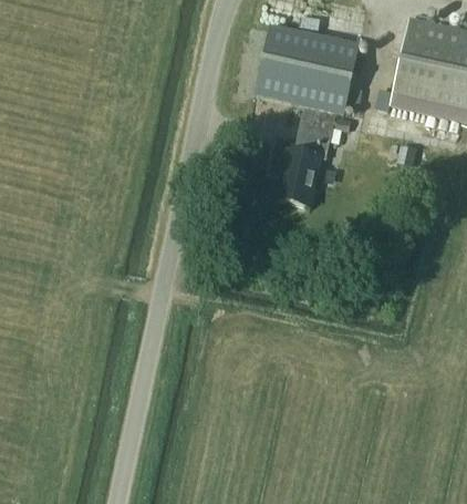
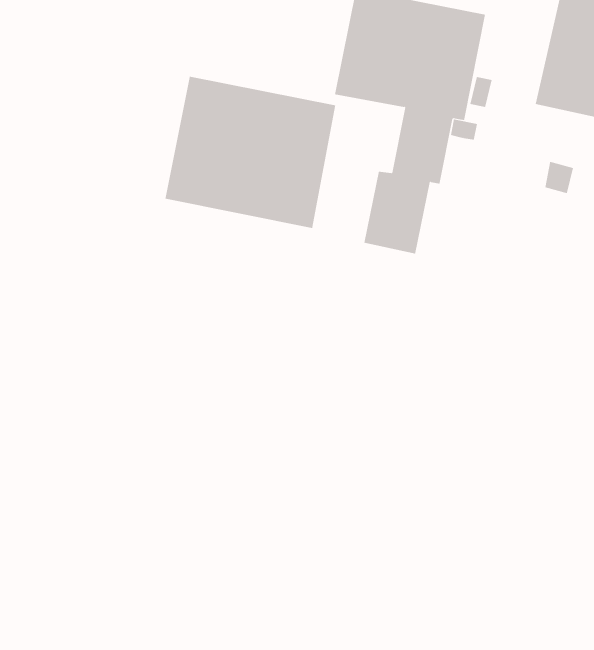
building: none -> [165,76,336,229]

